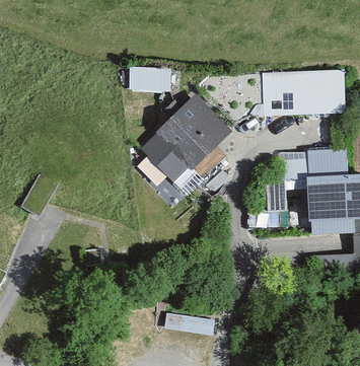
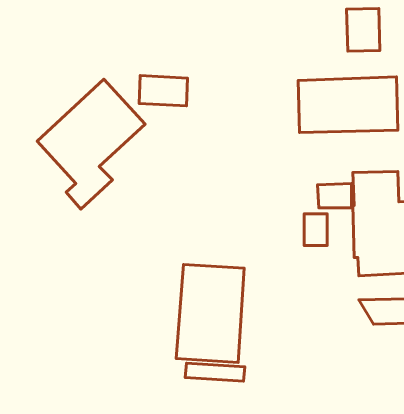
building: none -> [347,9,380,51]
building: [140,94,230,203] -> [37,79,145,209]
building: none -> [176,264,244,362]

